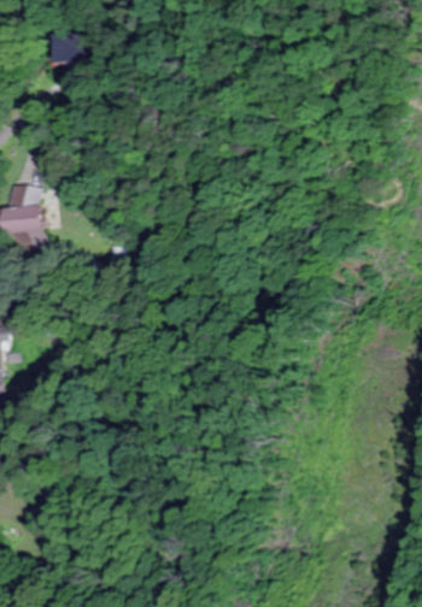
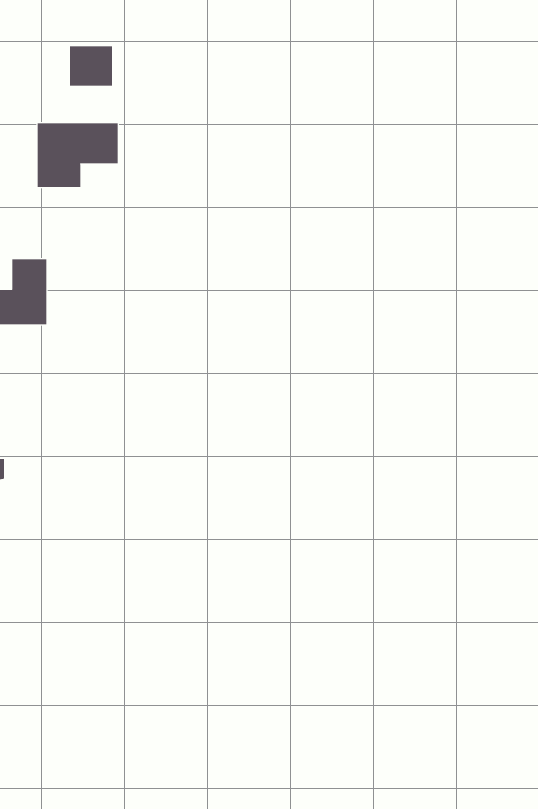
building: none -> [37,122,118,188]

